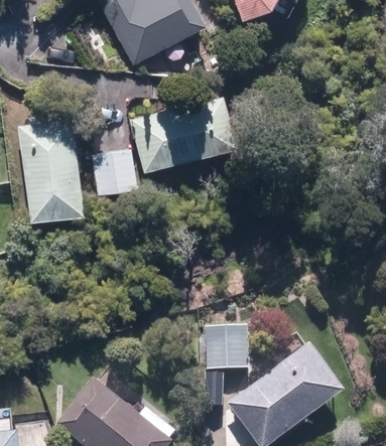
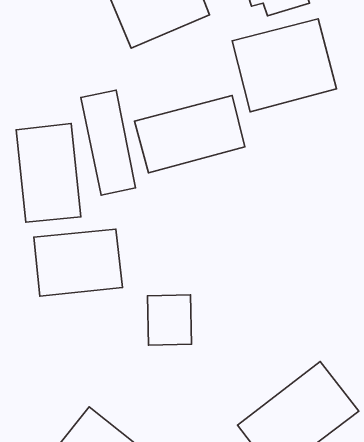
building: none -> [232,19,337,112]
building: none -> [34,229,123,296]
building: [205,324,246,371] -> [148,295,192,345]

